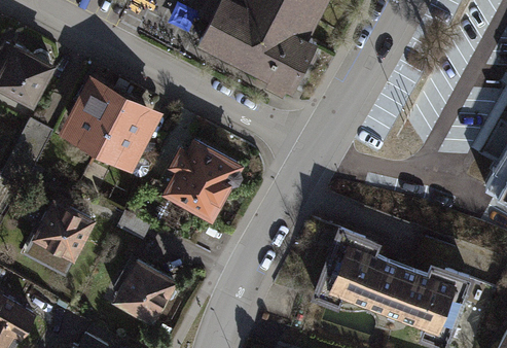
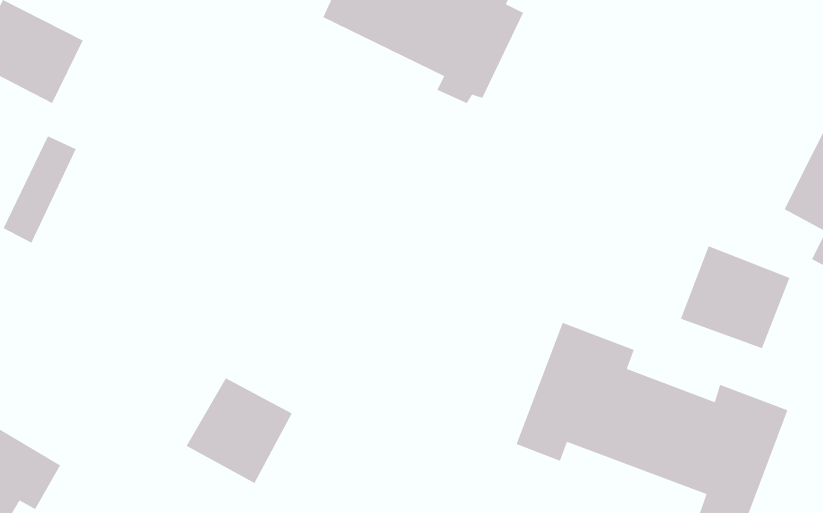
building: [64,69,164,164] -> none
building: [165,137,242,216] -> none
building: none -> [680,245,791,349]
building: [22,202,96,284] -> none

